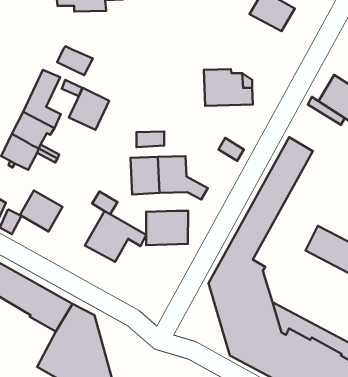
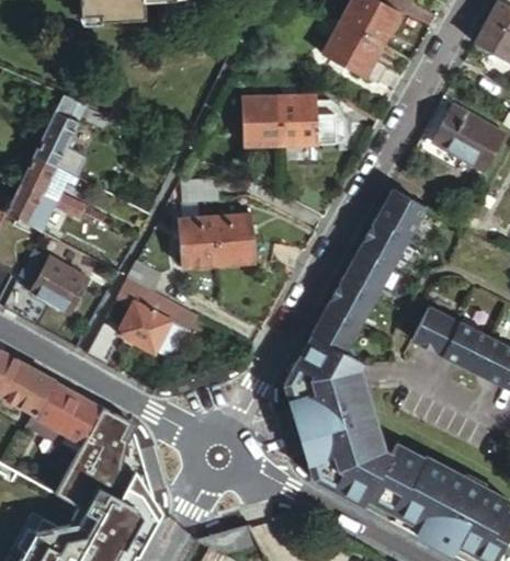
building: none -> [321,23,385,85]
building: [57,46,93,75] -> none
building: none -> [240,98,280,147]
building: [69,88,109,130] -> none
building: [146,211,188,245] -> none

